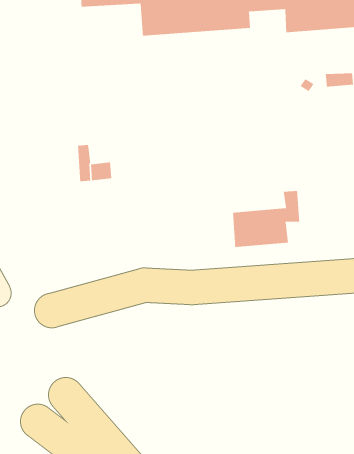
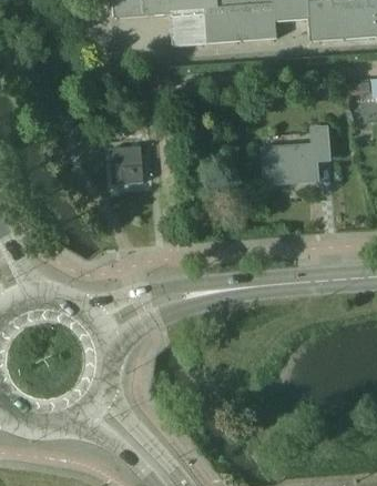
building: [232,190,300,248] -> [262,126,327,182]

